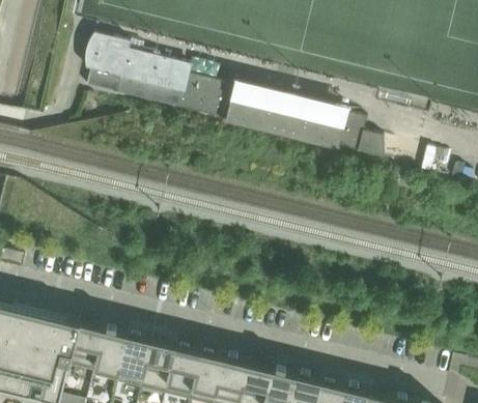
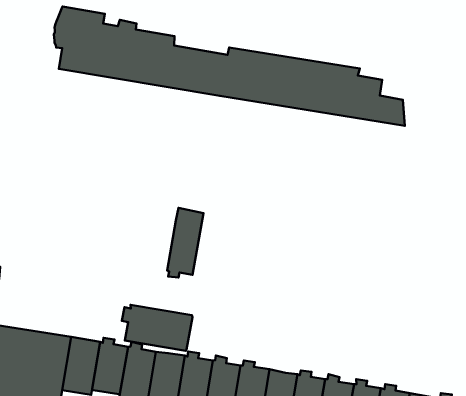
building: none -> [167,208,203,278]
building: none -> [122,305,193,351]

